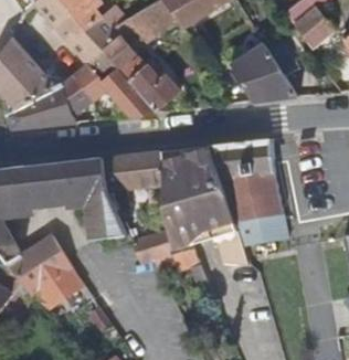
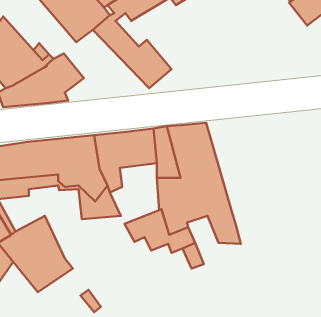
building: [232,45,297,103] -> none
building: [73,53,157,117] -> none
building: [213,138,288,247] -> none

